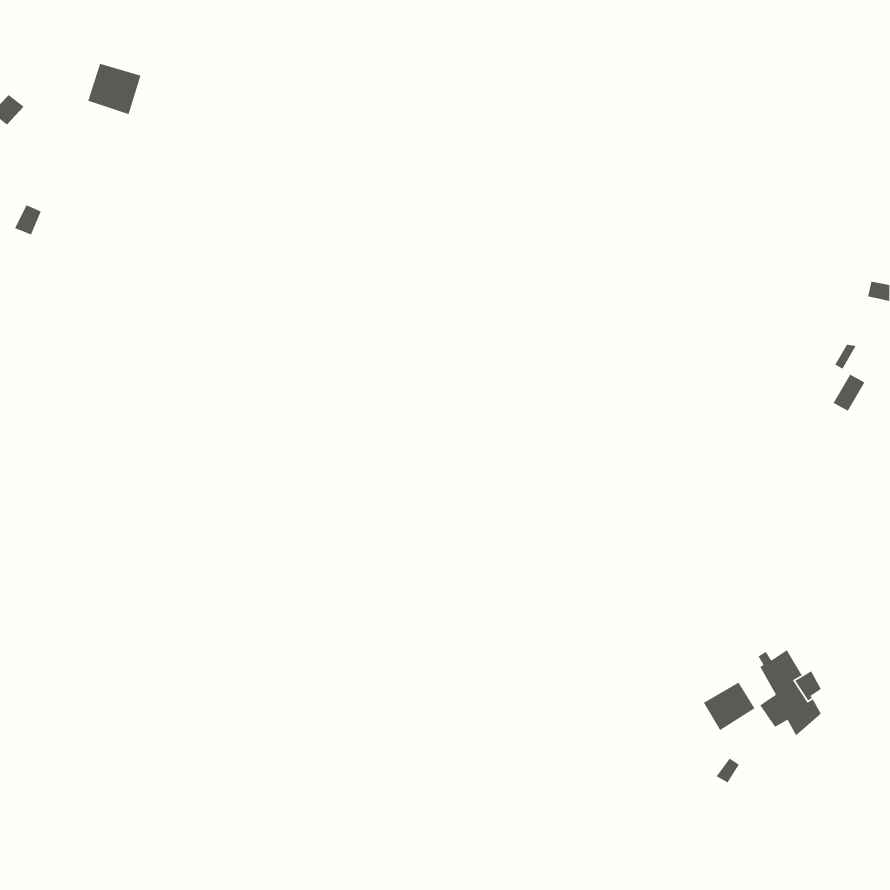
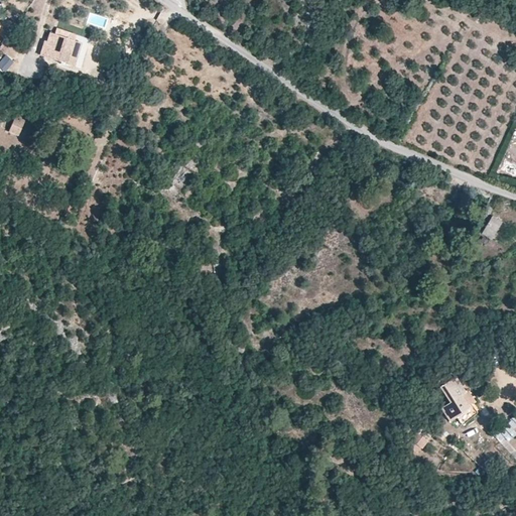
building: [703,681,756,731] -> none

